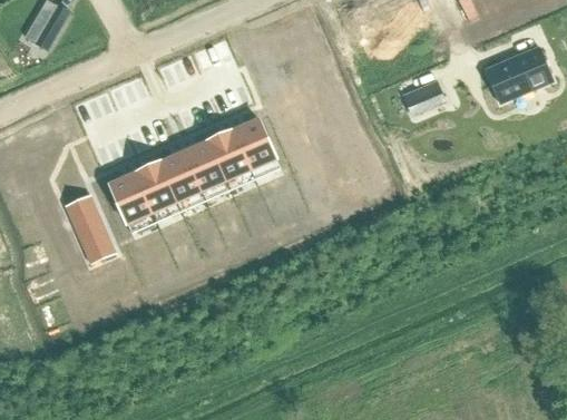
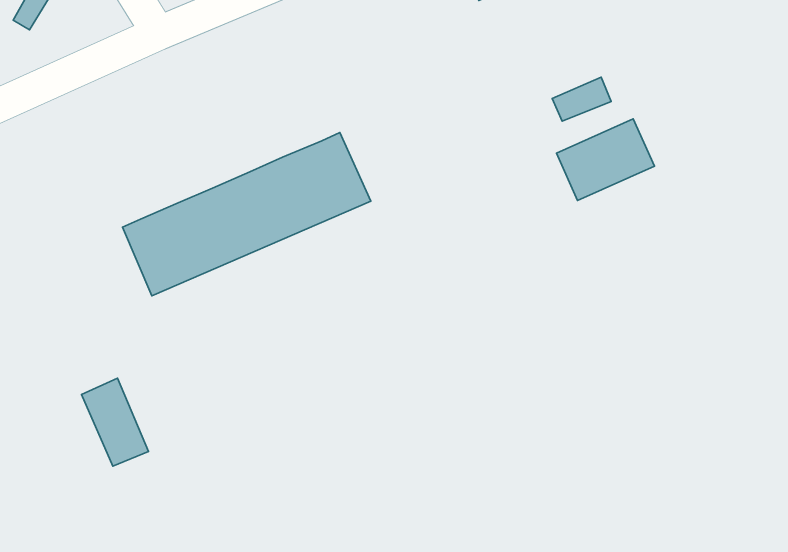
building: [485,46,551,101] -> [556,119,654,201]
building: [68,202,114,262] -> [82,378,149,466]

